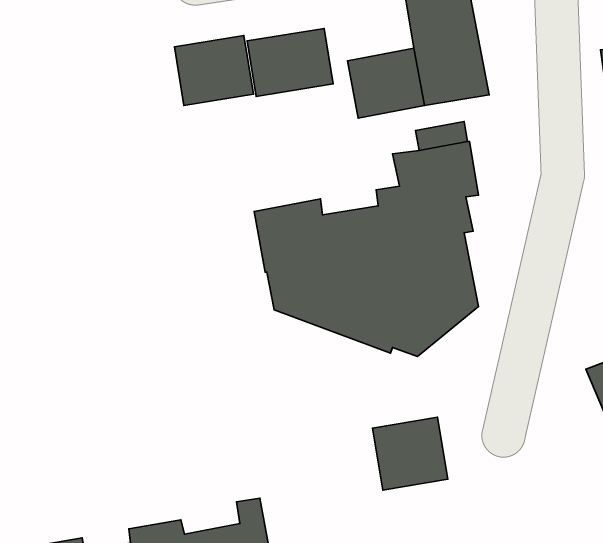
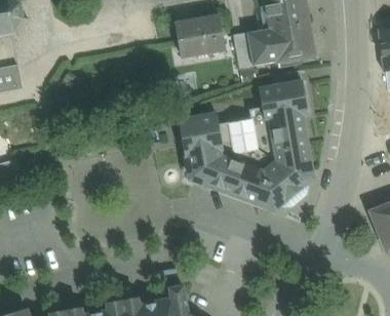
building: [174,35,253,105] -> none
building: [372,417,448,490] -> none

